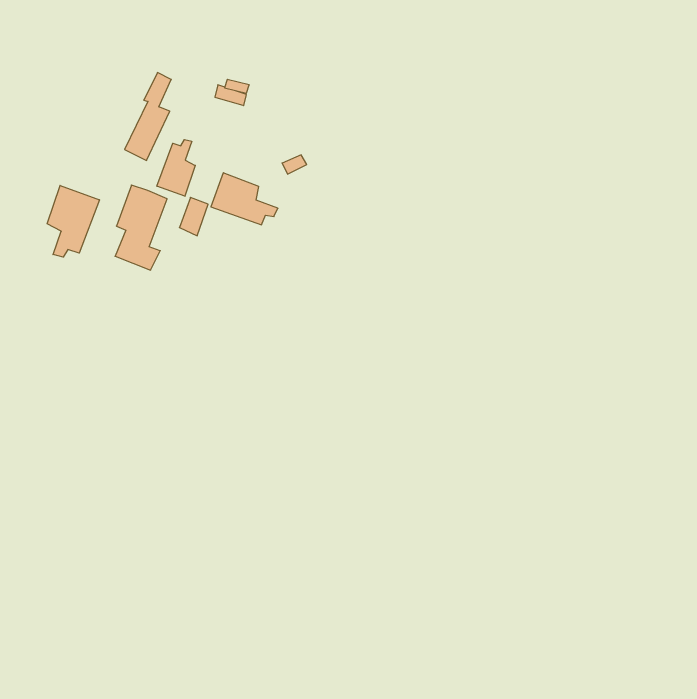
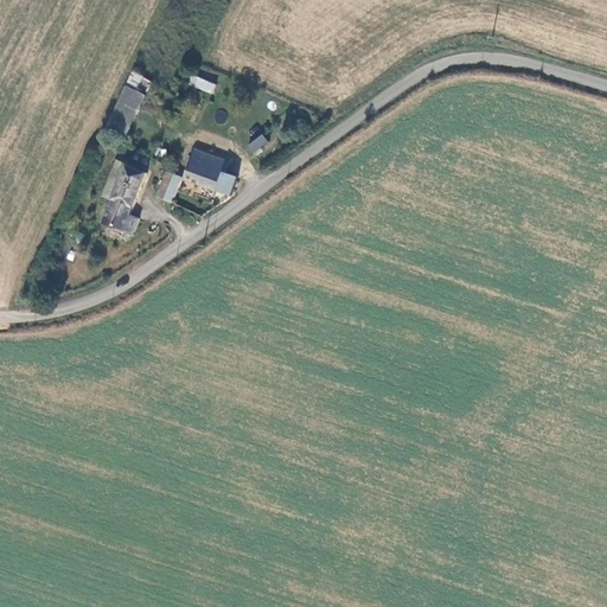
building: [157,140,195,196] -> none
building: [47,185,99,257] -> none

